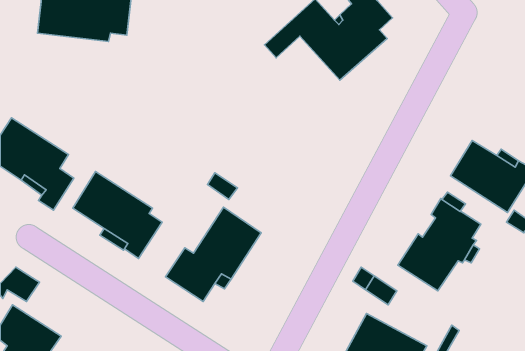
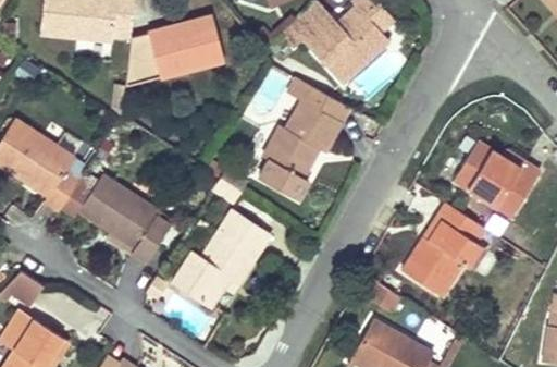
building: none -> [124,15,225,85]
building: none -> [259,76,349,200]

